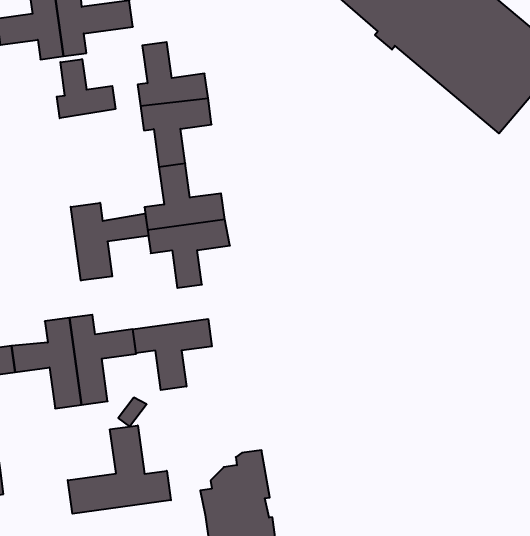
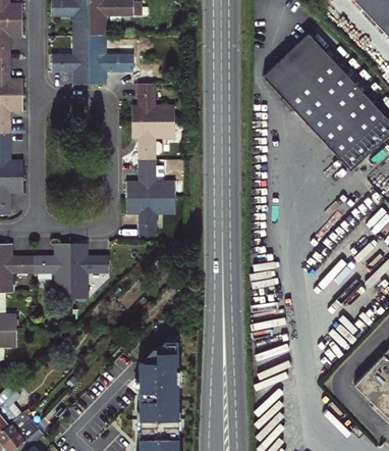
building: [57,59,115,118] -> none
building: [71,203,148,281] -> none
building: [133,319,212,390] -> none
building: [68,425,171,514] -> none

